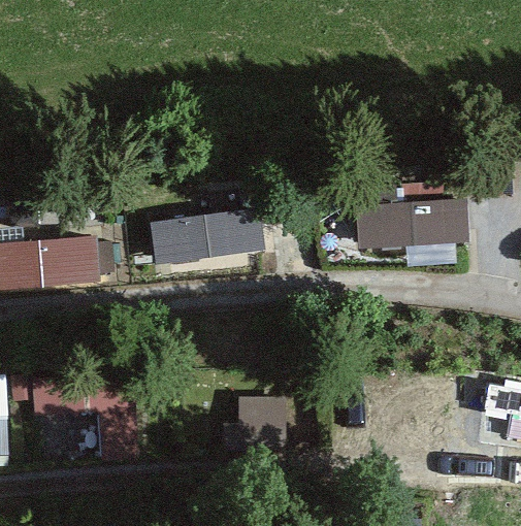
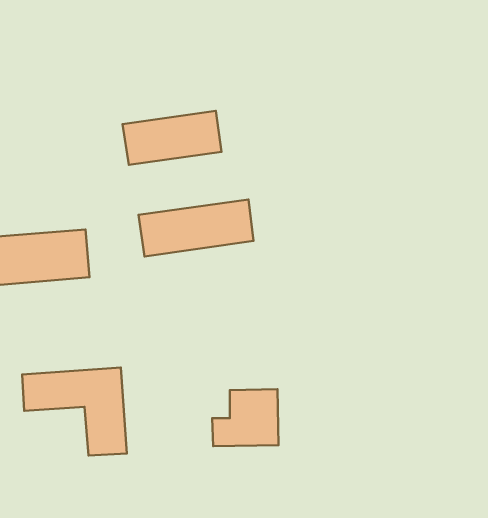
building: none -> [122,111,222,165]
building: [356,199,469,251] -> none

